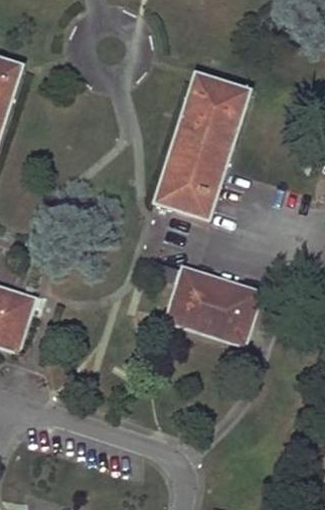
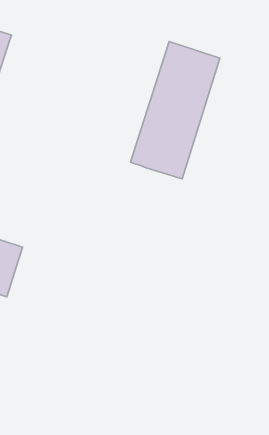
building: [163,265,262,346] -> none

